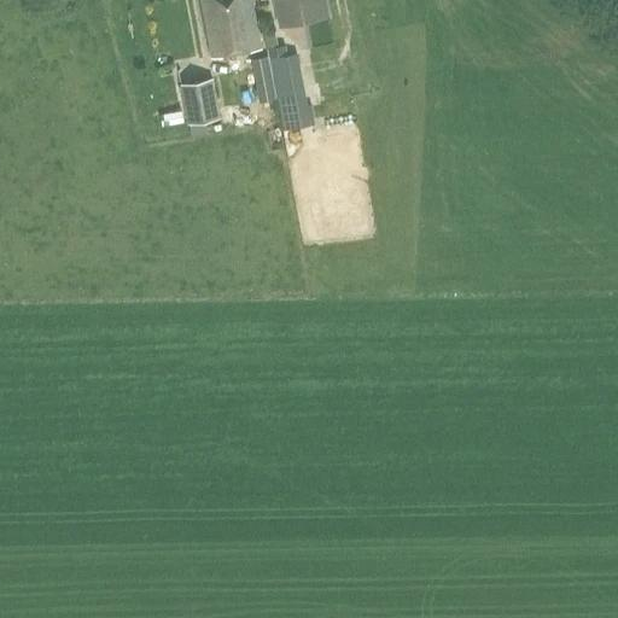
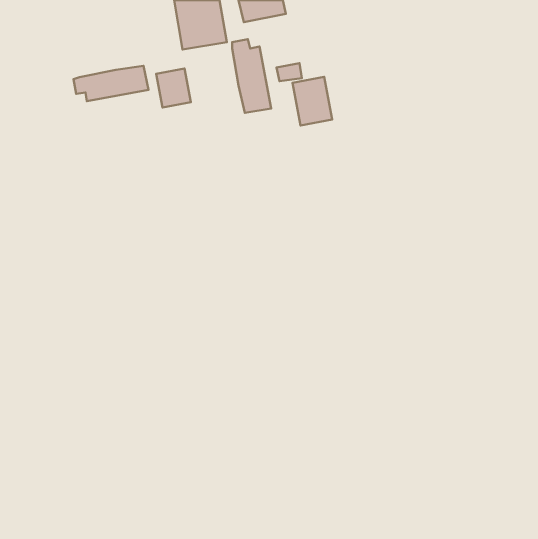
building: none -> [73,66,149,101]
building: none -> [293,77,332,125]

